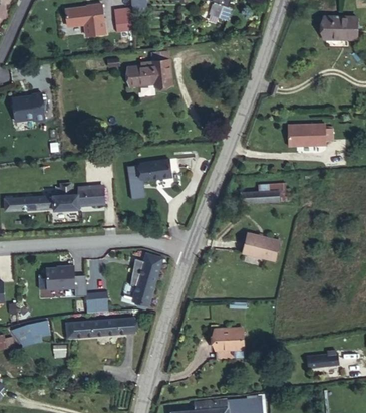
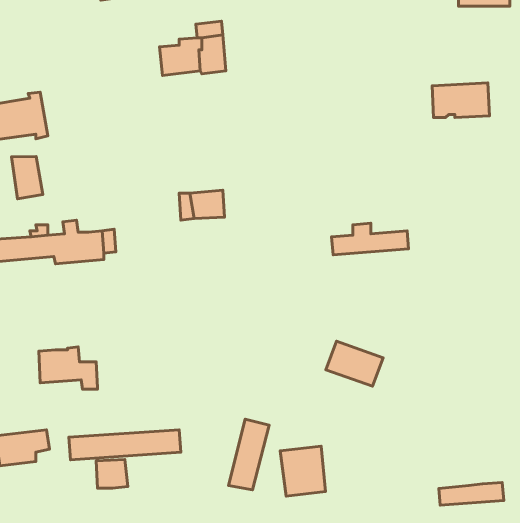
building: [282,123,320,146] -> [432,83,489,117]
building: none -> [11,156,43,199]
building: [235,230,273,260] -> [326,341,383,386]
building: [133,251,160,298] -> [228,419,269,490]
building: [84,291,105,311] -> [96,459,128,488]

